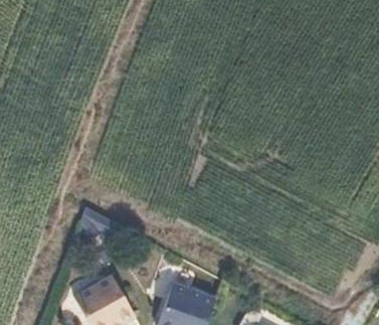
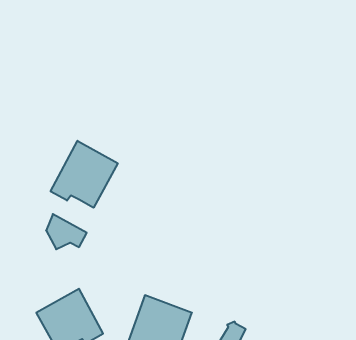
building: none -> [51,141,118,208]

